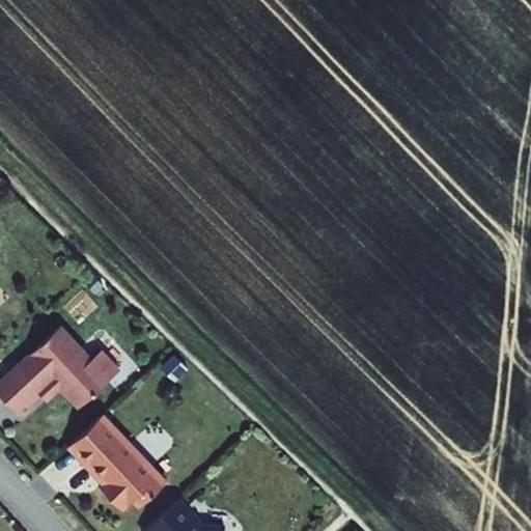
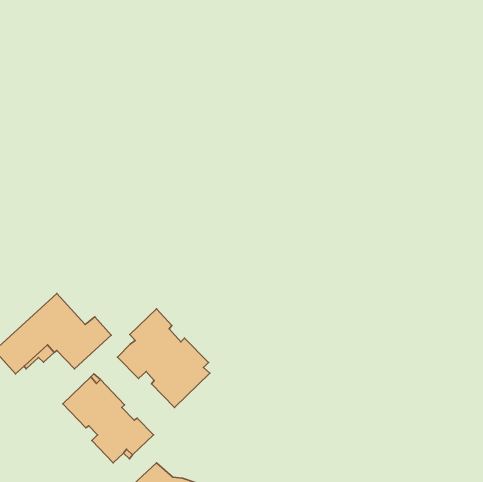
building: none -> [117,309,210,407]

